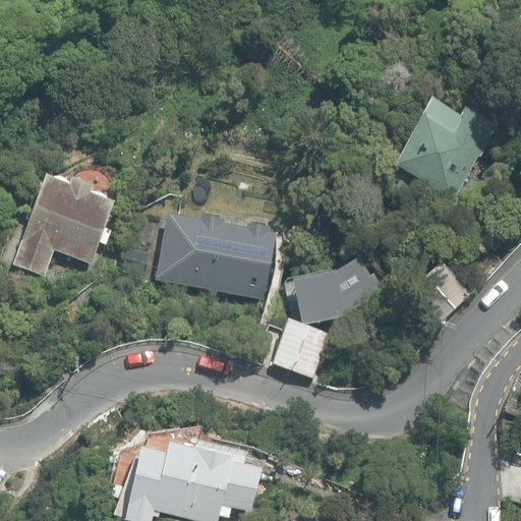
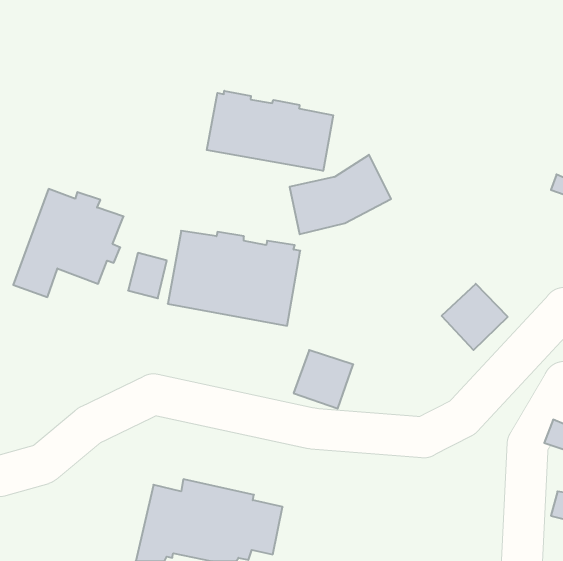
building: none -> [207,91,333,171]
building: [393,96,500,197] -> none
building: [292,252,386,326] -> [290,155,391,234]

